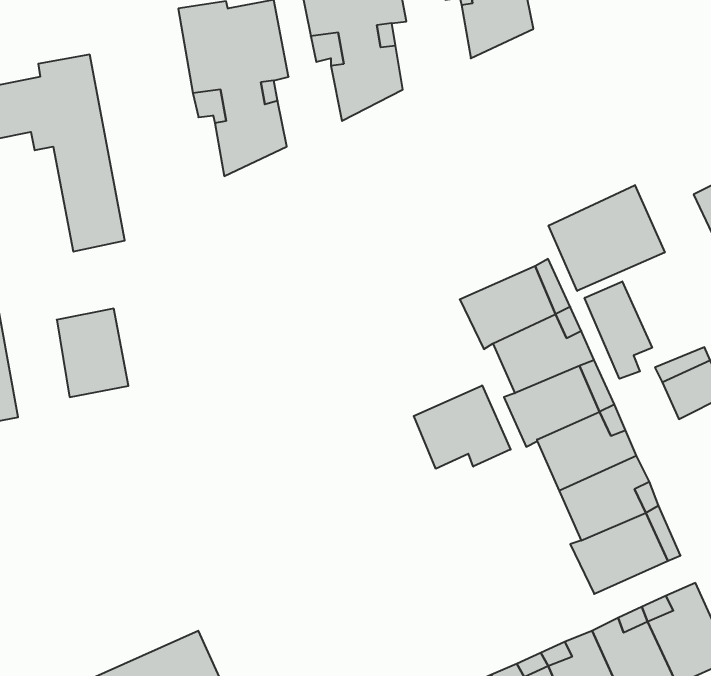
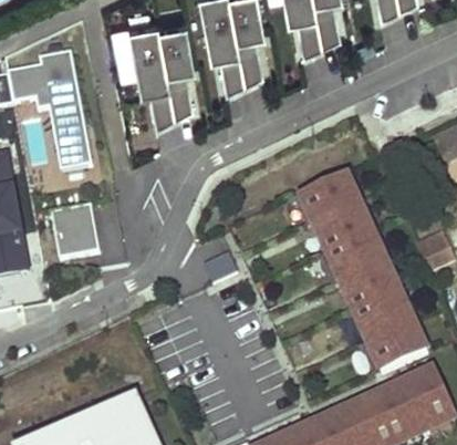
building: [549,185,665,291] -> none
building: [585,281,652,379] -> none
building: [414,385,511,469] -> none

